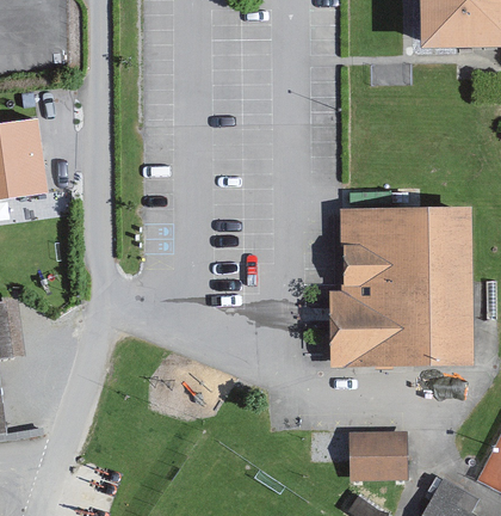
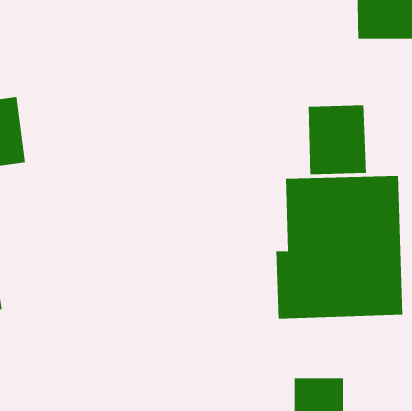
building: none -> [308,104,366,175]

